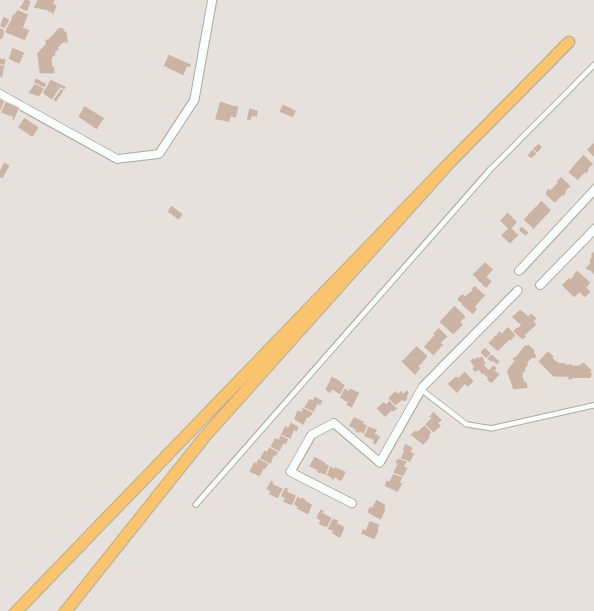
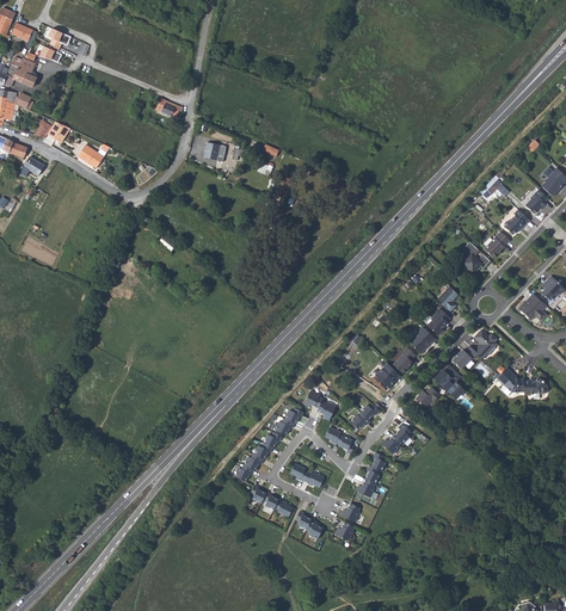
building: [37,27,69,74] -> none
building: [506,344,537,390] -> none

